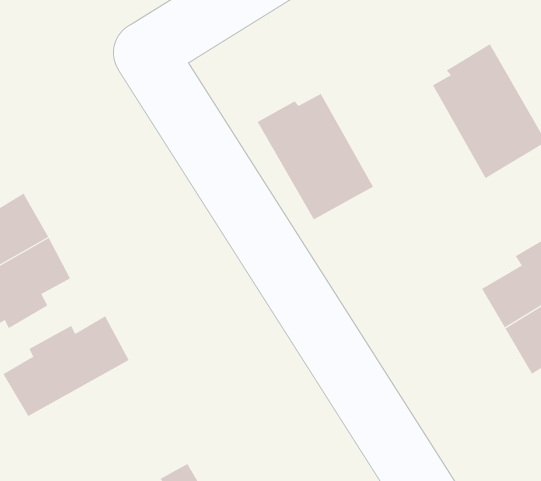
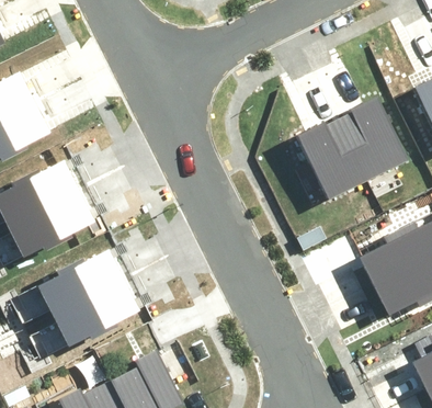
building: [257,93,374,220] -> [294,117,367,201]
building: none -> [53,282,135,344]

